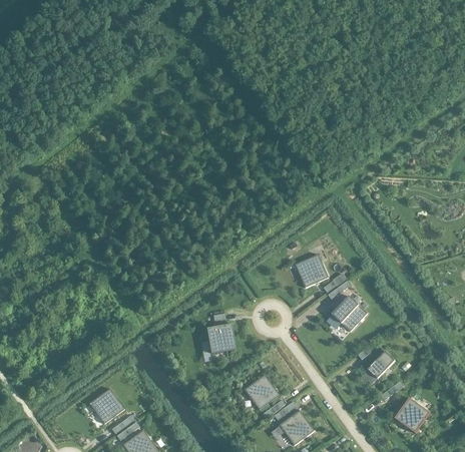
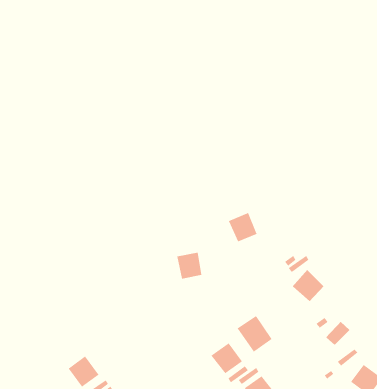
building: [295,255,329,288] -> [227,212,259,243]
building: [204,324,235,354] -> [175,252,203,280]
building: none -> [235,315,273,353]

